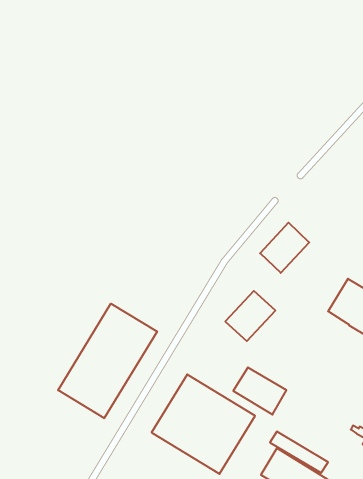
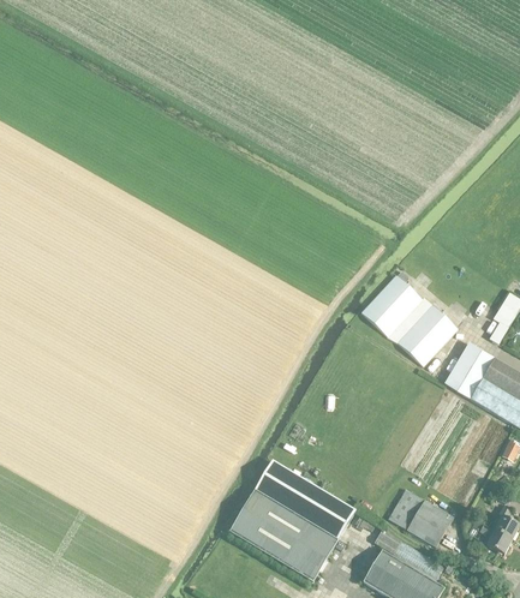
building: [225,291,275,341] -> [396,304,458,365]
building: [58,304,157,418] -> none
building: [233,367,286,415] -> [388,489,453,546]

